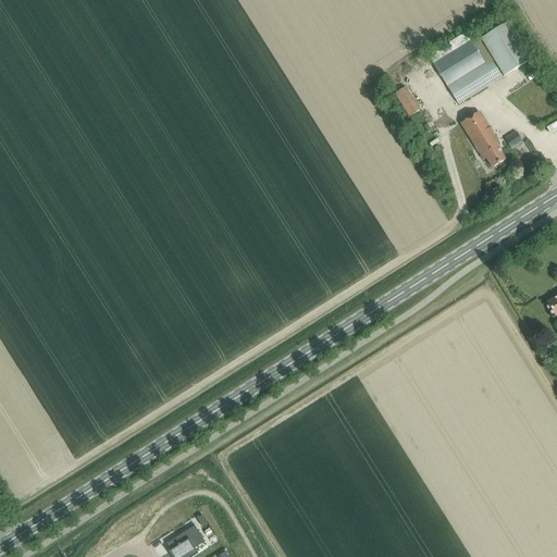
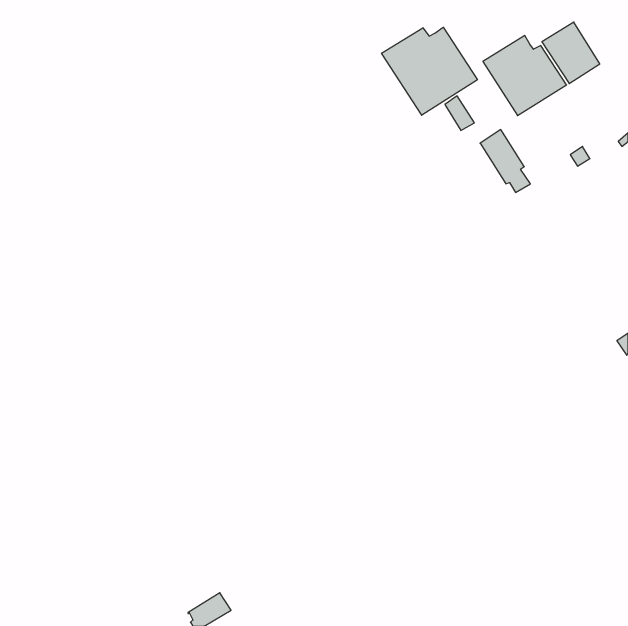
building: none -> [382,27,477,115]
building: [460,110,505,165] -> [480,130,530,192]

